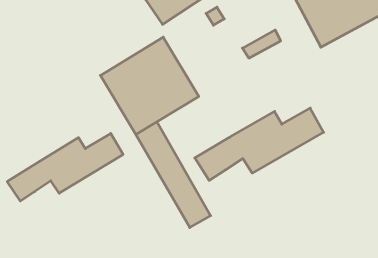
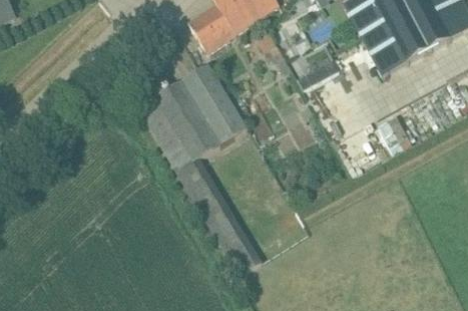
building: [195,108,324,180] -> none
building: [7,133,123,201] -> none

